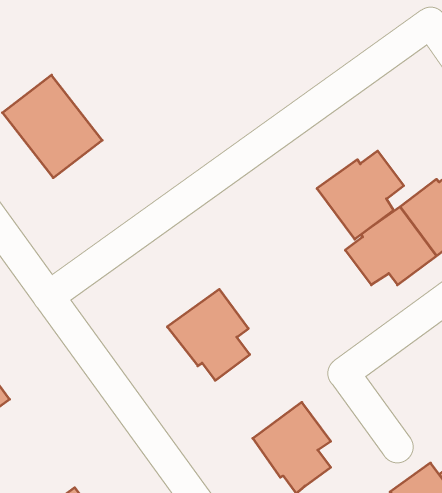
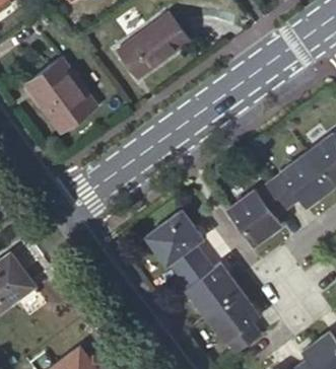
building: none -> [122,16,190,78]
building: [317,151,404,239] -> [225,182,286,244]
building: none -> [177,255,238,314]

